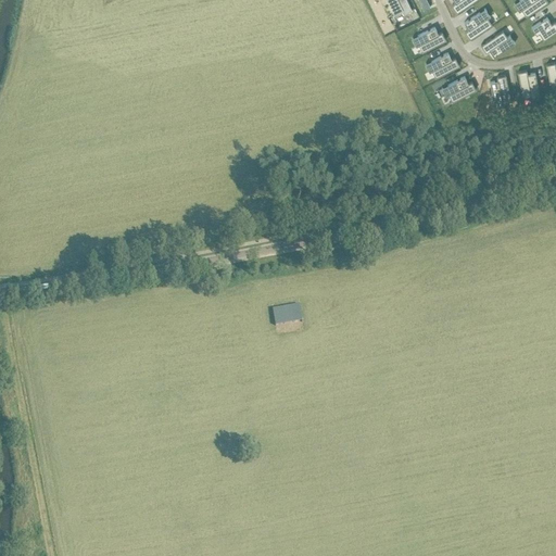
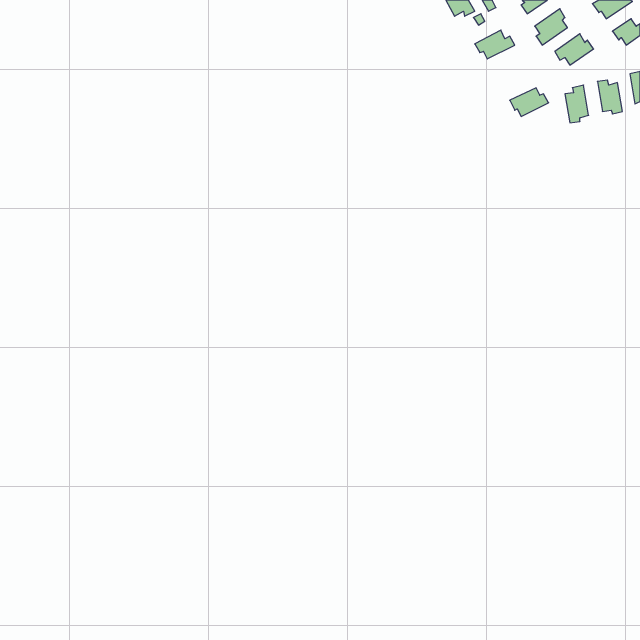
building: [425,52,459,77] -> none
building: [271,303,300,324] -> none

